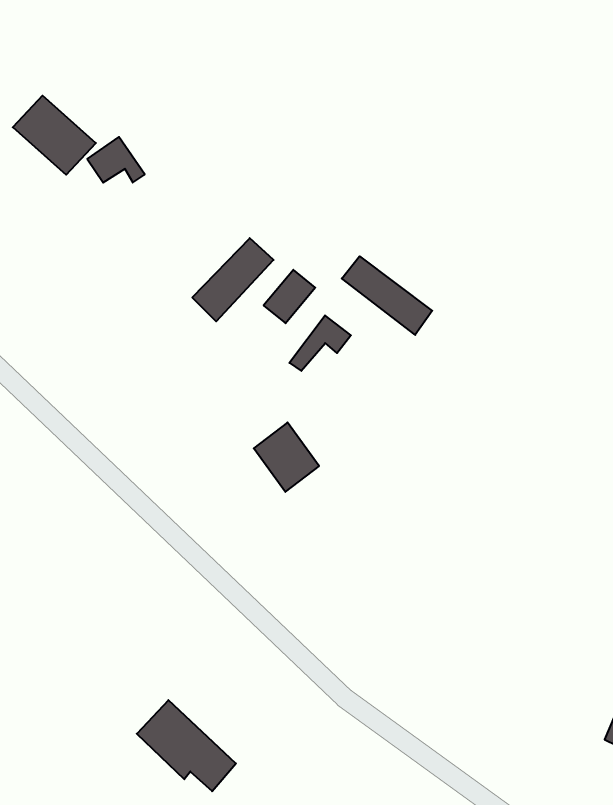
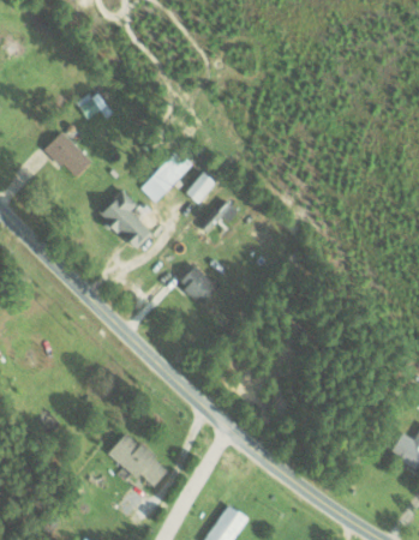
building: [13,96,96,175] -> [43,131,94,179]
building: [342,256,432,335] -> none
building: none -> [97,187,152,250]

